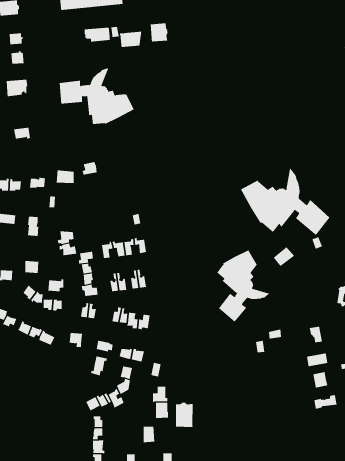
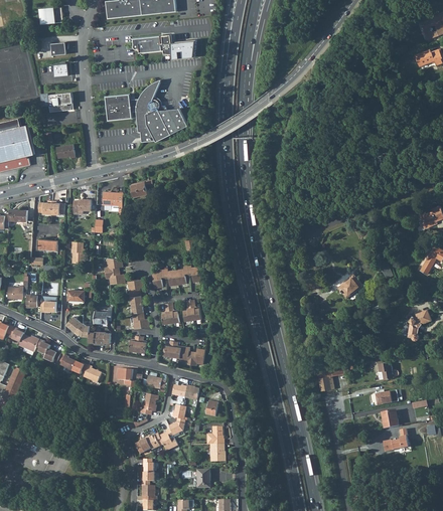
building: [150,23,168,43] -> none
building: [240,167,330,236] -> none
building: [217,249,271,323] -> none
building: [175,402,193,428] -> none

